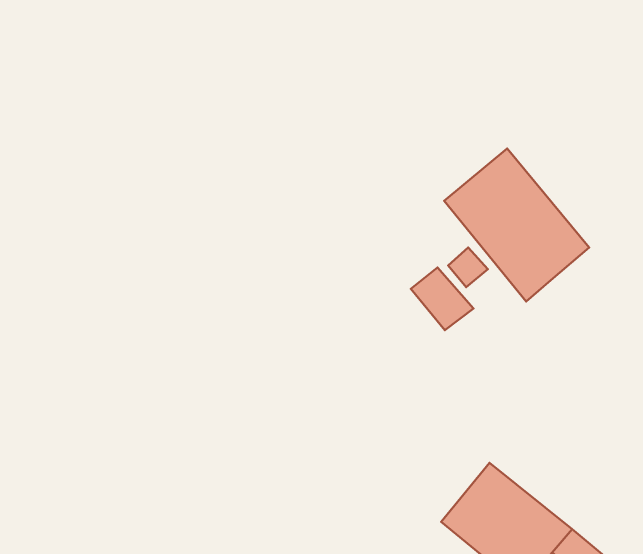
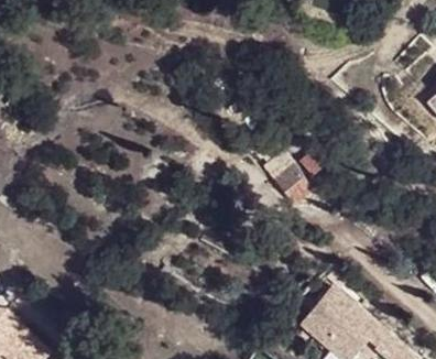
building: [444,149,589,302] -> none

